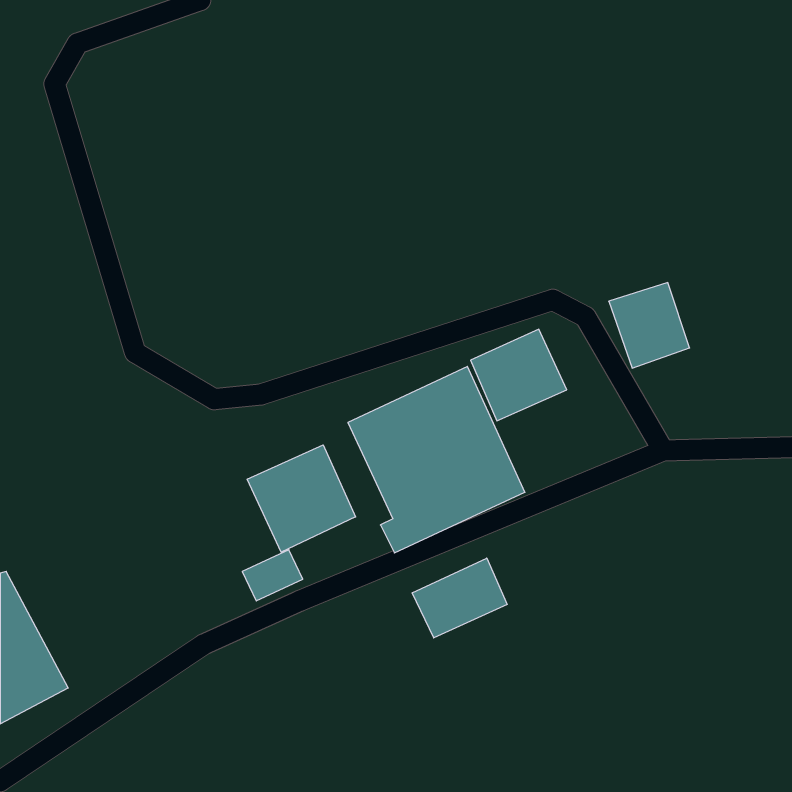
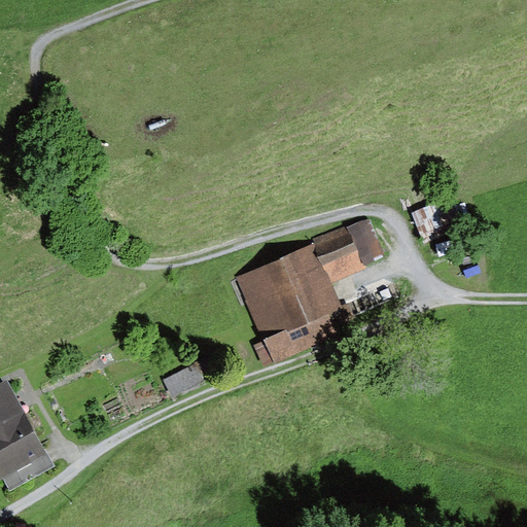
building: [247,445,356,552] -> none
building: [412,558,507,638] -> none

